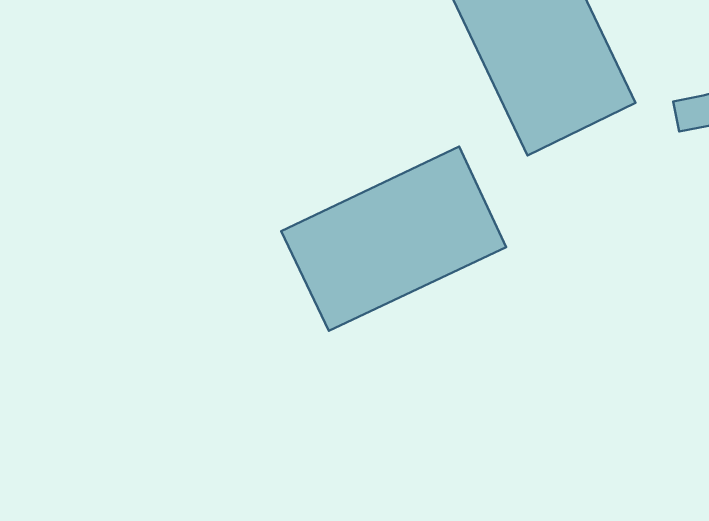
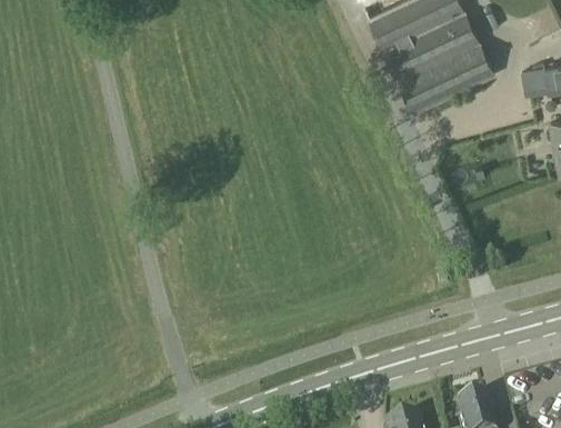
building: [281,146,506,331] -> none

